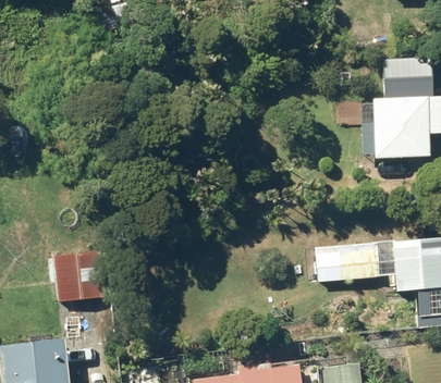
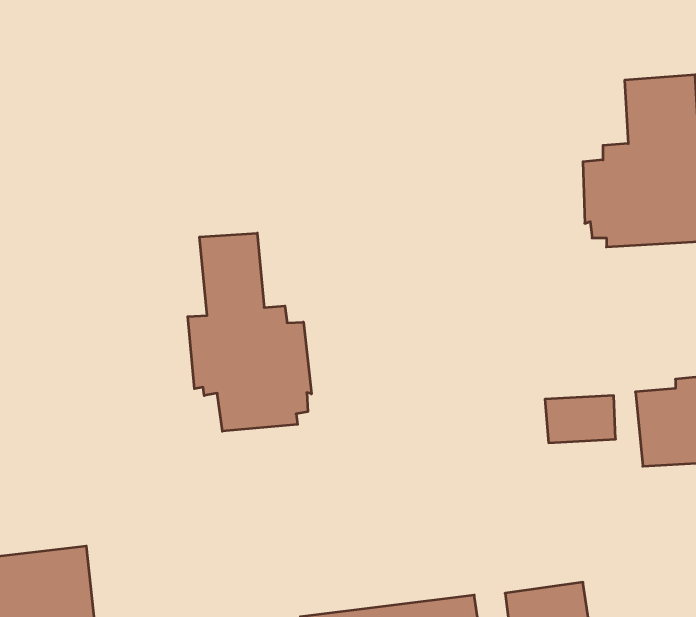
building: none -> [188,233,311,431]
building: [56,248,100,299] -> none

